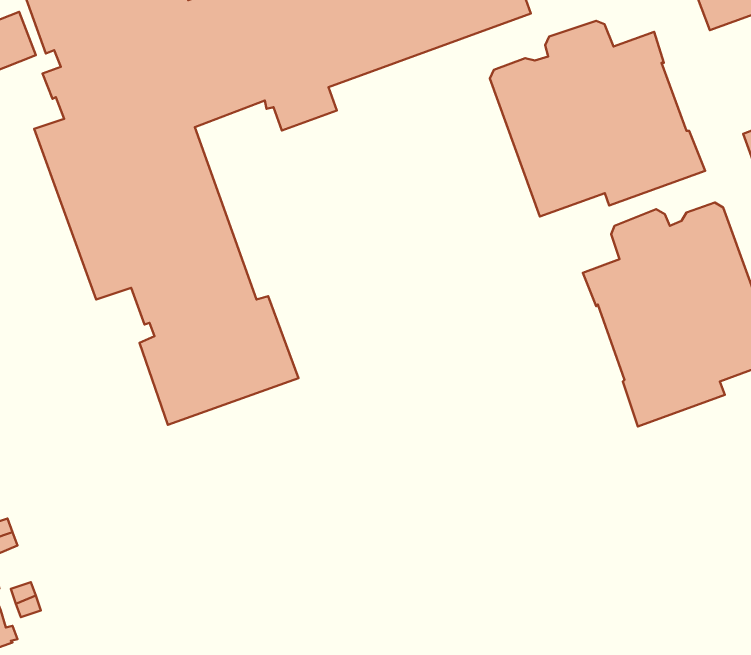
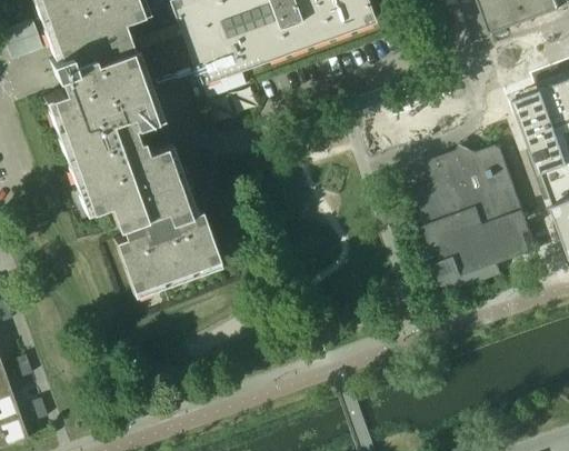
building: [490,21,705,216] -> none

